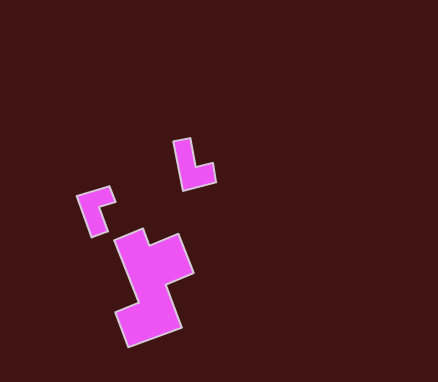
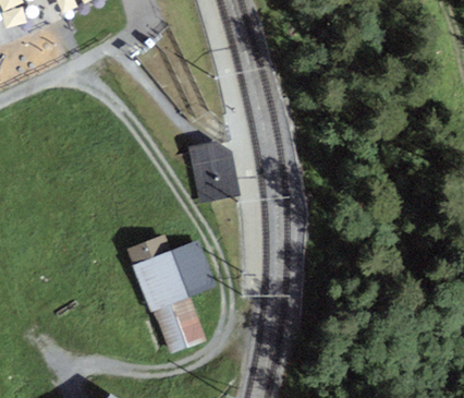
building: [77,186,116,238] -> none

